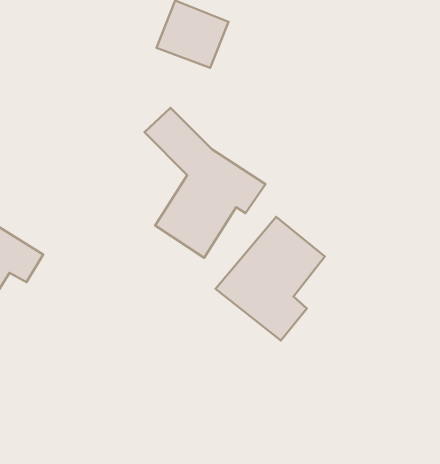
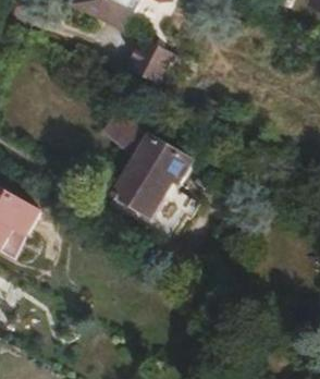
building: [216,217,325,340] -> none

